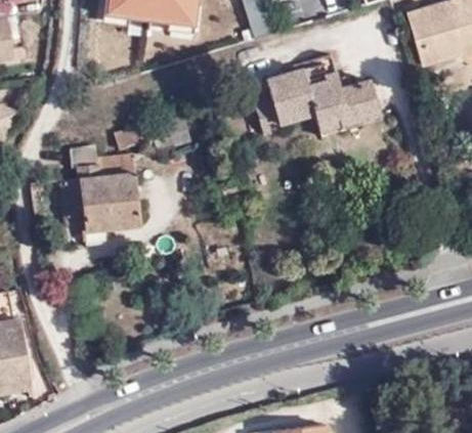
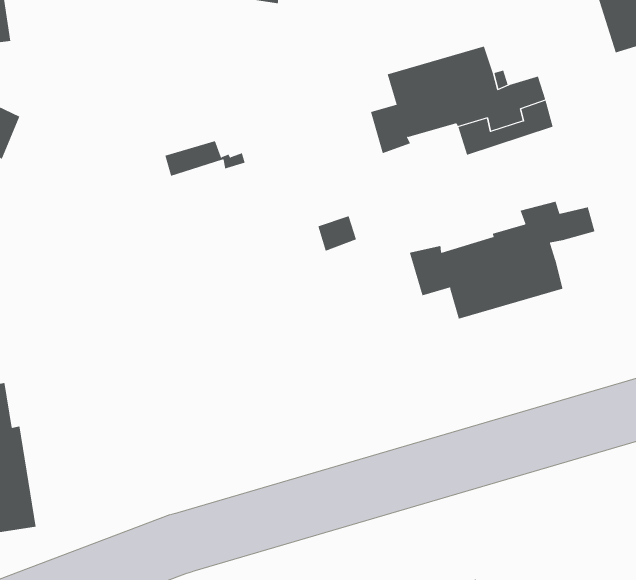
building: [62,147,141,230] -> none
building: none -> [409,201,595,320]

